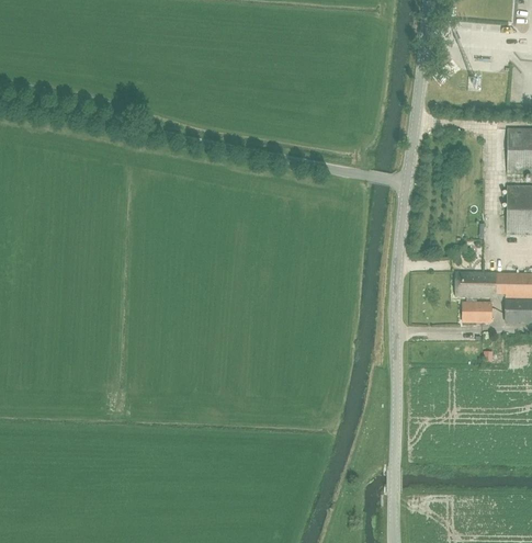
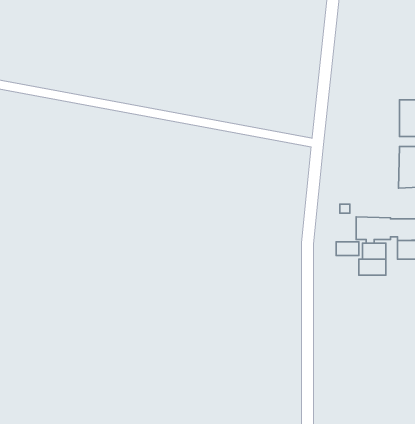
building: none -> [336,242,359,255]
building: none -> [359,259,386,275]

